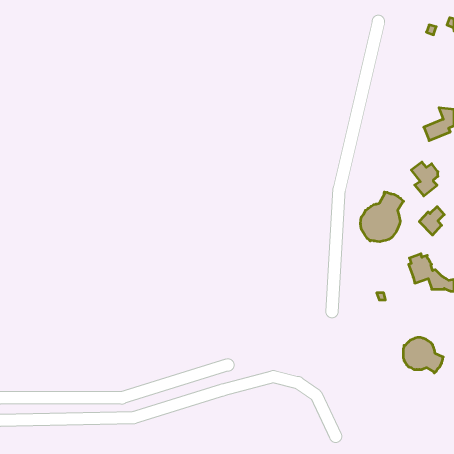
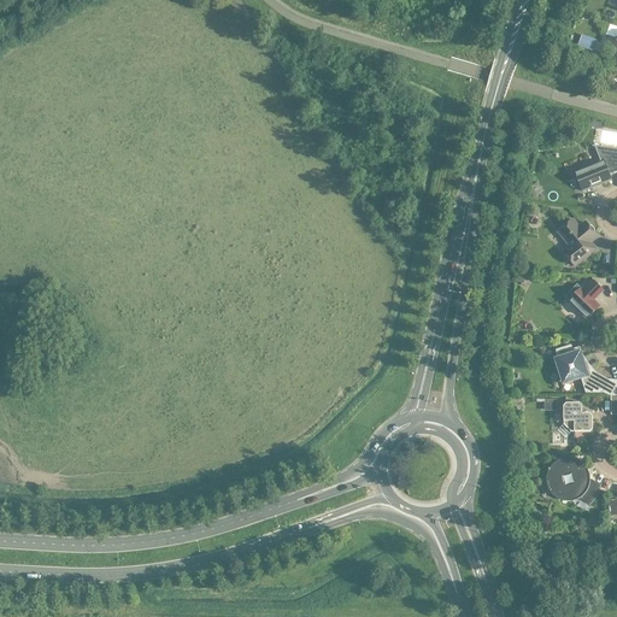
building: [361,192,404,242] -> none
building: none -> [562,402,590,431]

